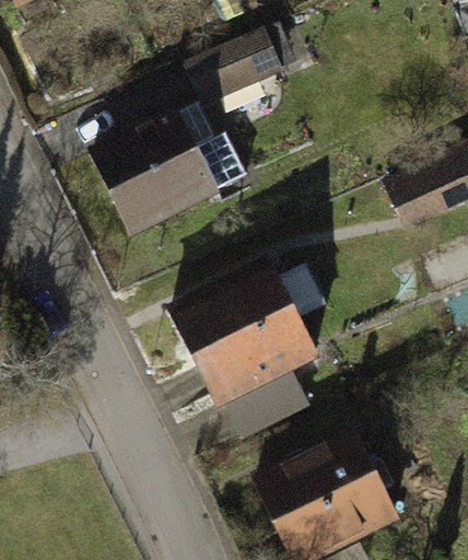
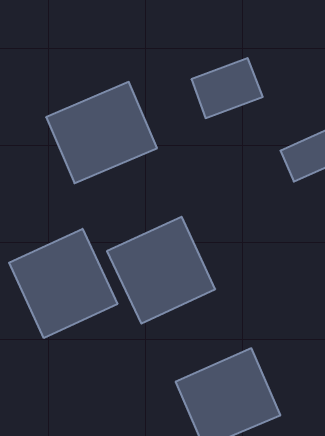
building: [190,24,279,98] -> [191,58,263,118]
building: none -> [9,229,117,338]

